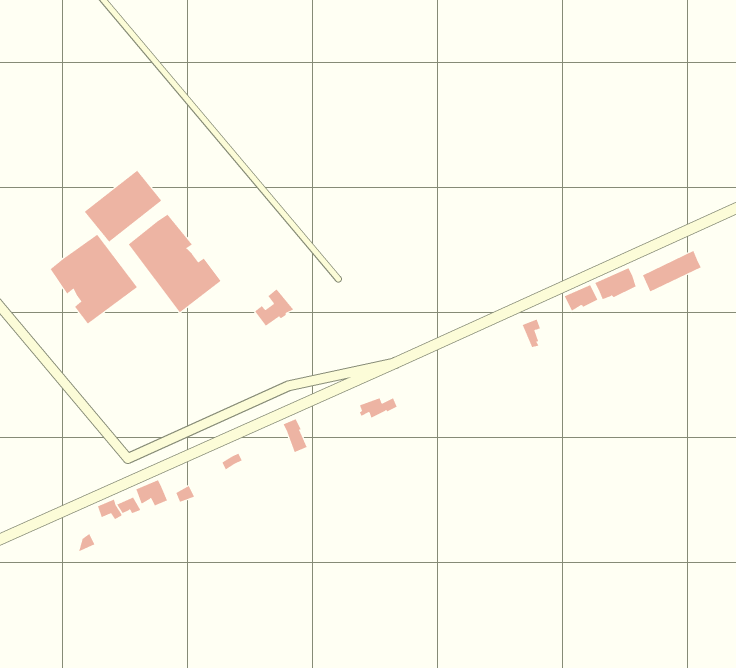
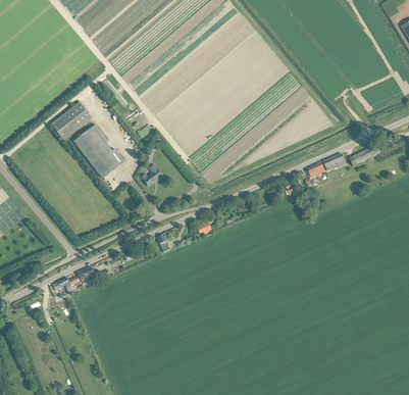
building: [50,234,138,324] -> none

